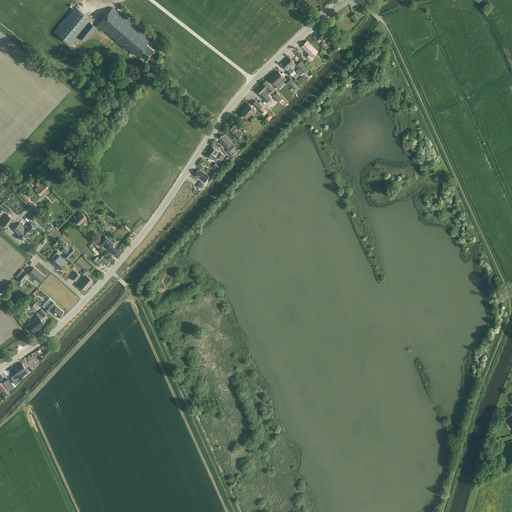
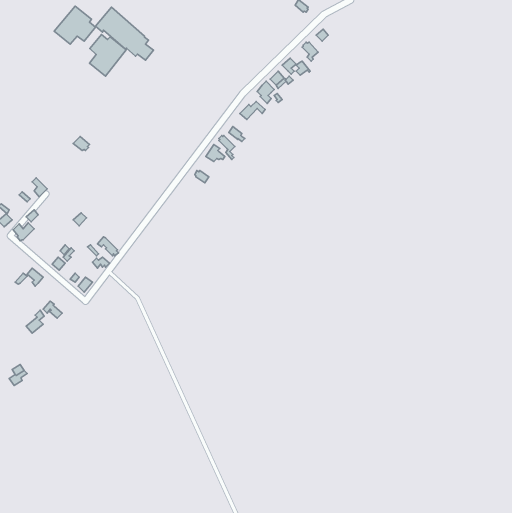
building: none -> [89,35,126,76]

